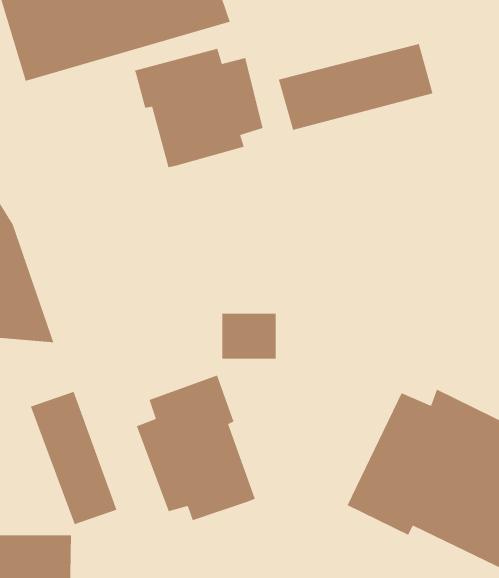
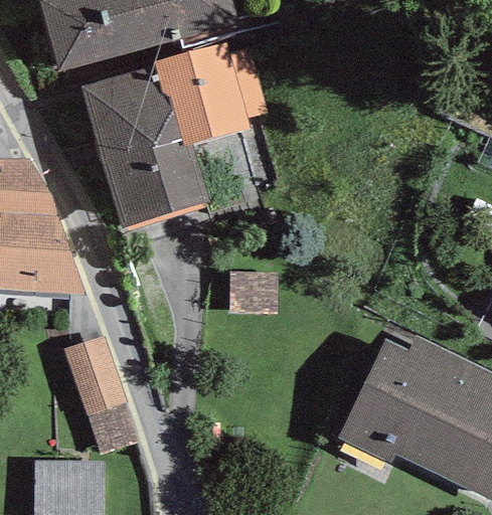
building: [278,43,434,131] -> none
building: none -> [79,64,208,227]
building: [136,375,256,521] -> none

